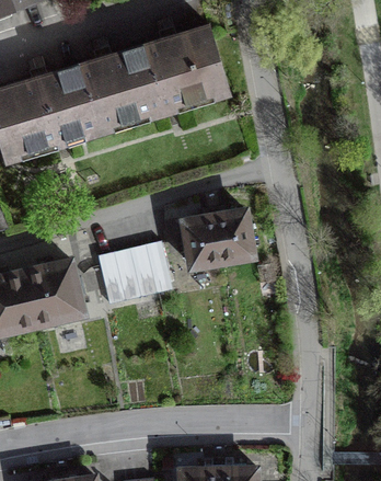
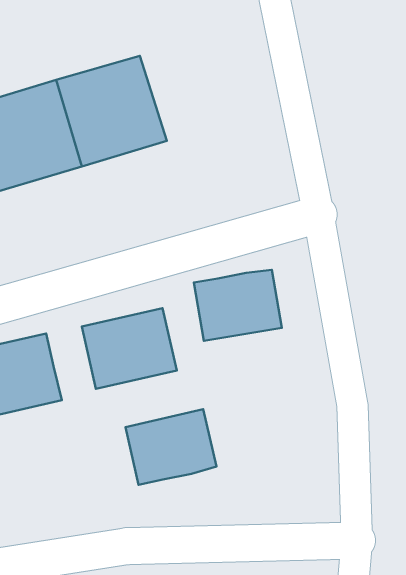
building: [143,27,229,113] -> none
building: none -> [126,409,216,485]

